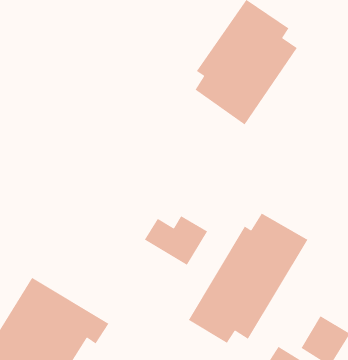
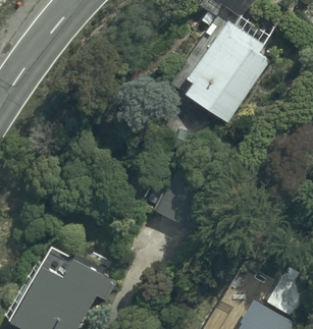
building: [188,213,309,344] -> none

